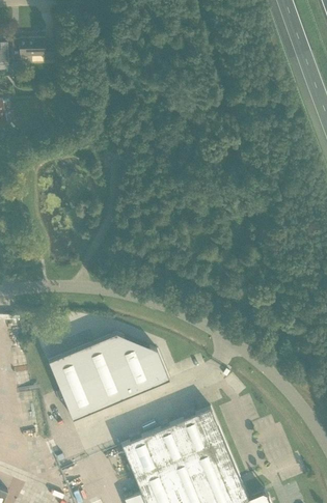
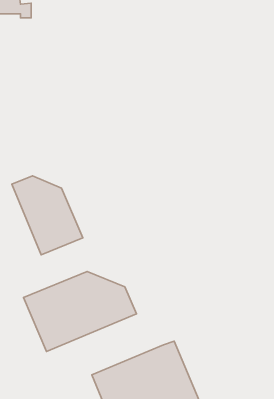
building: none -> [12,176,83,255]

